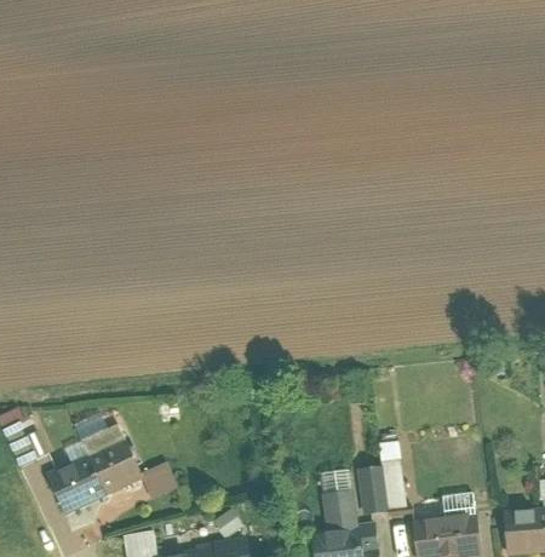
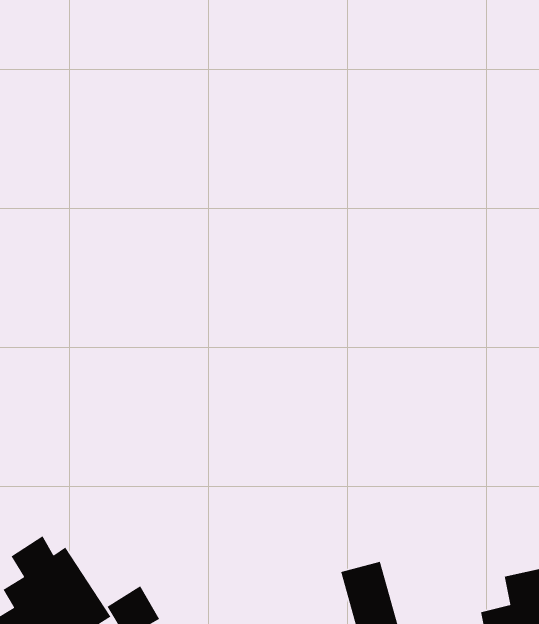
building: [365,443,406,513] -> none

